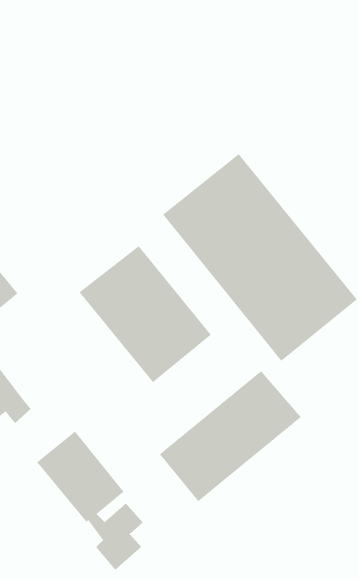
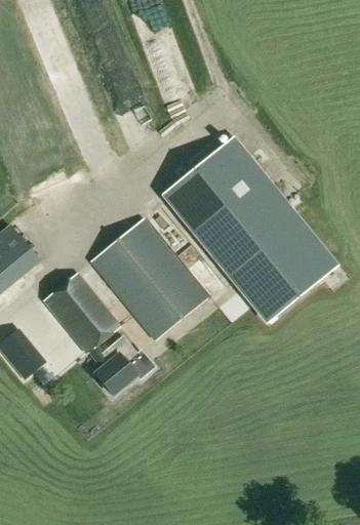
building: [159,370,302,502] -> none
building: [36,430,143,571] -> [43,273,136,395]

